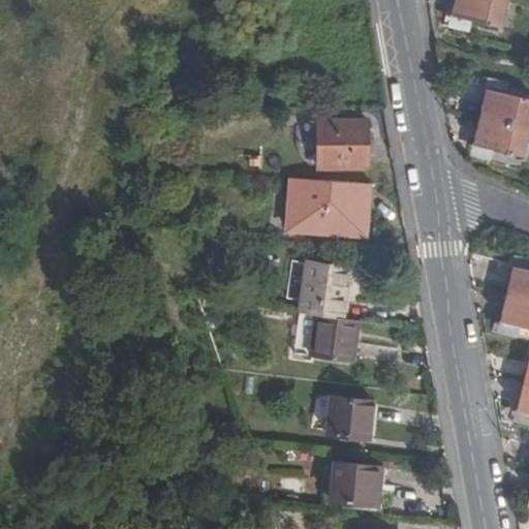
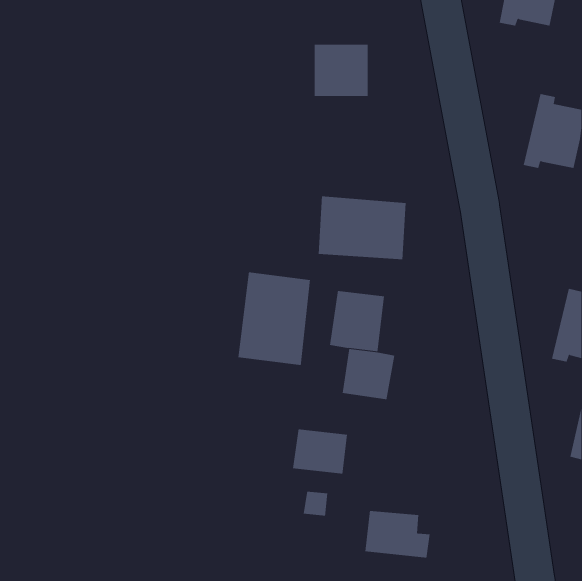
building: [317,121,367,168] -> [314,44,368,96]
building: none -> [238,271,311,366]
building: [328,397,378,438] -> [292,429,348,474]

